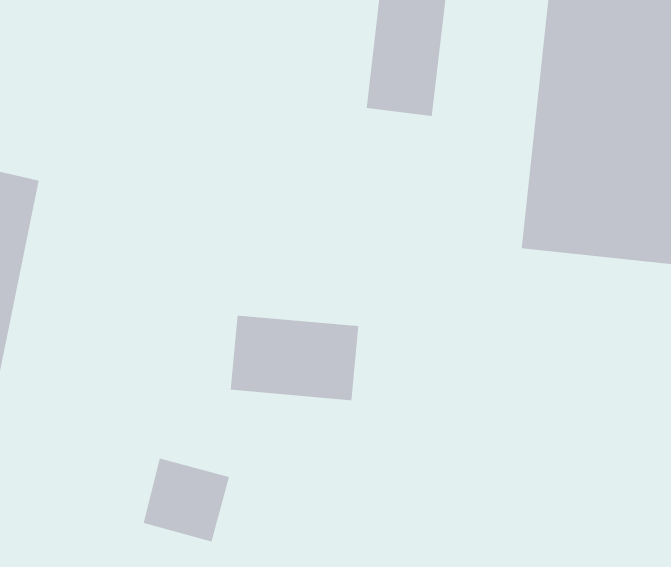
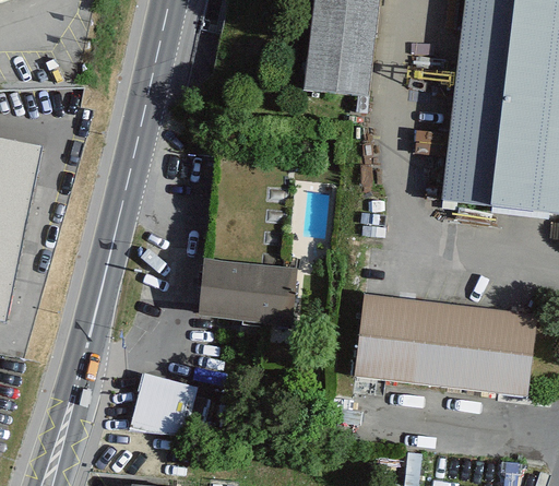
building: none -> [347,295,536,402]

